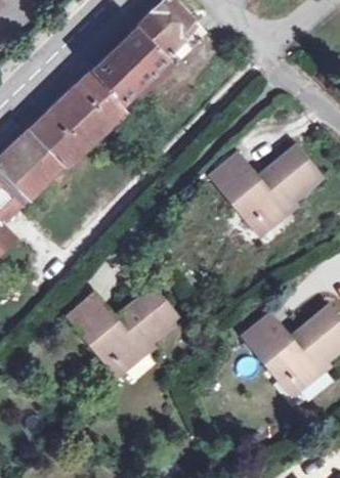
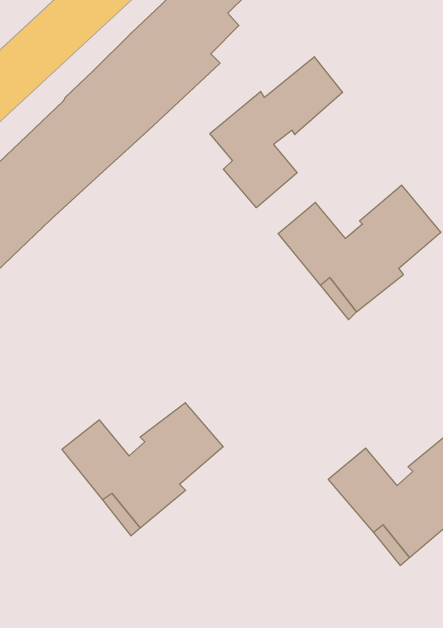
building: none -> [210,57,343,208]

